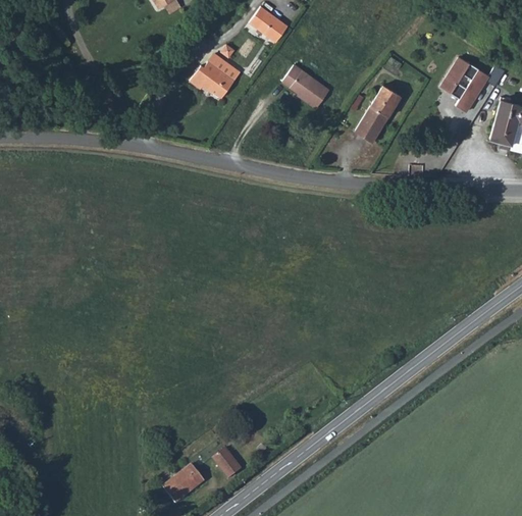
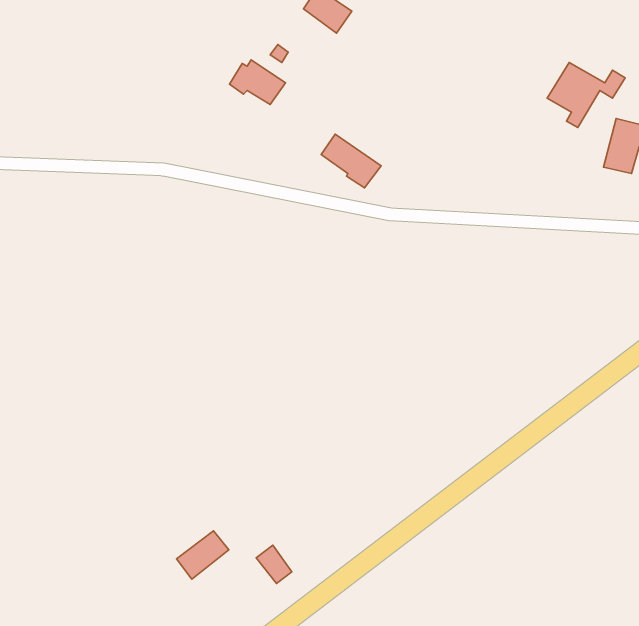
building: [278,66,326,109] -> [321,134,381,188]
building: [358,93,396,138] -> none
building: [163,463,205,502] -> [177,531,229,579]

